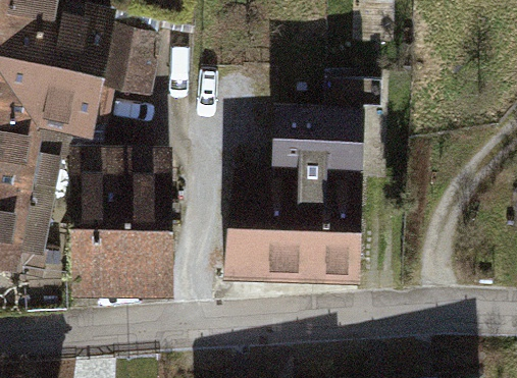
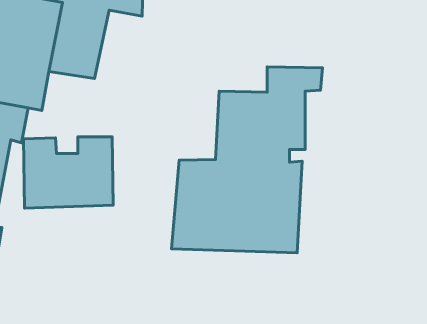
building: [69,238,163,289] -> none

